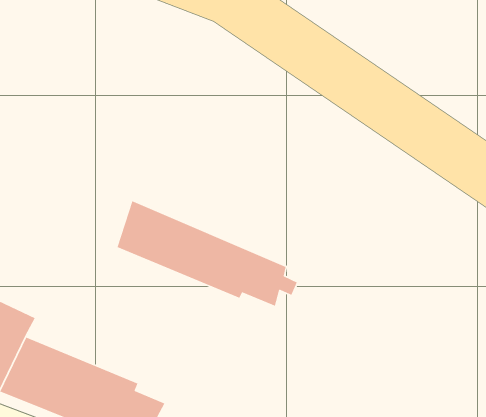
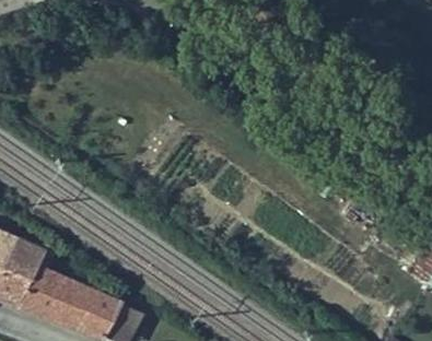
building: [116,200,298,307] -> none

